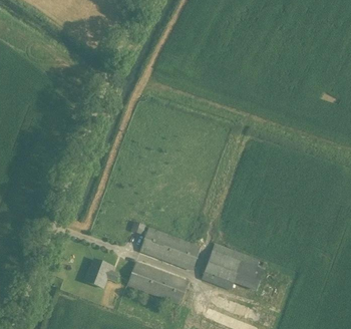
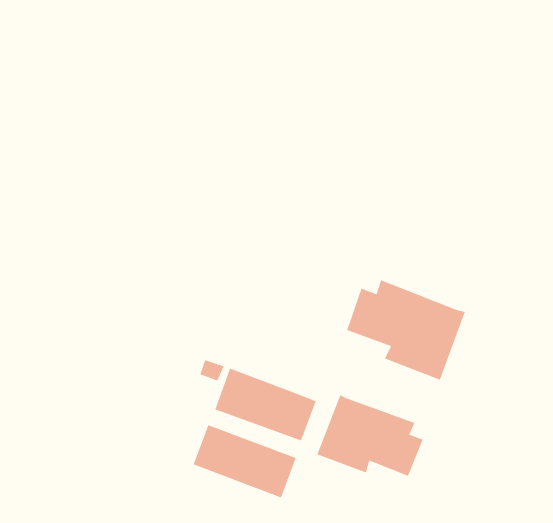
building: none -> [346,280,465,381]
building: [84,259,119,287] -> none

